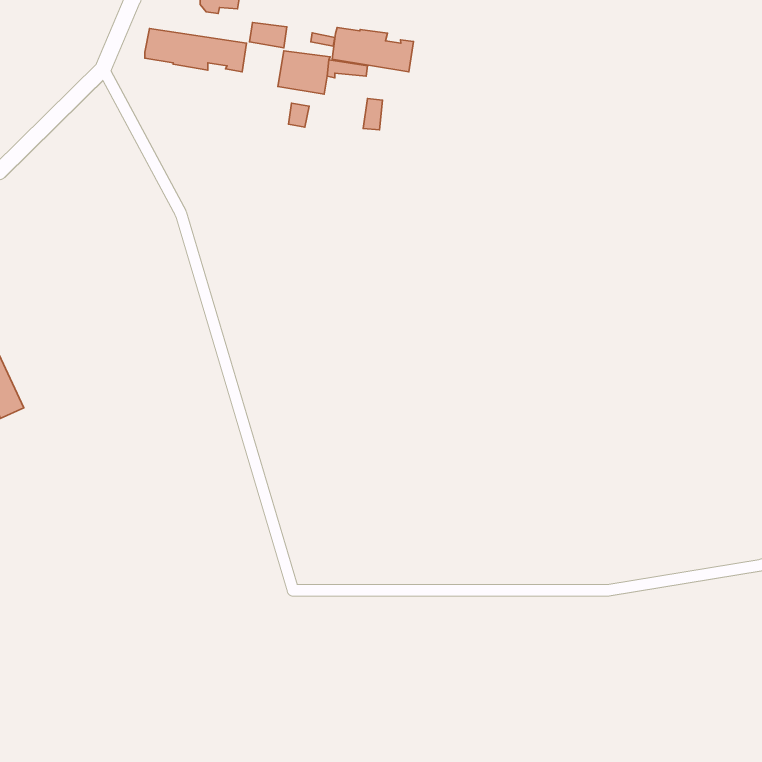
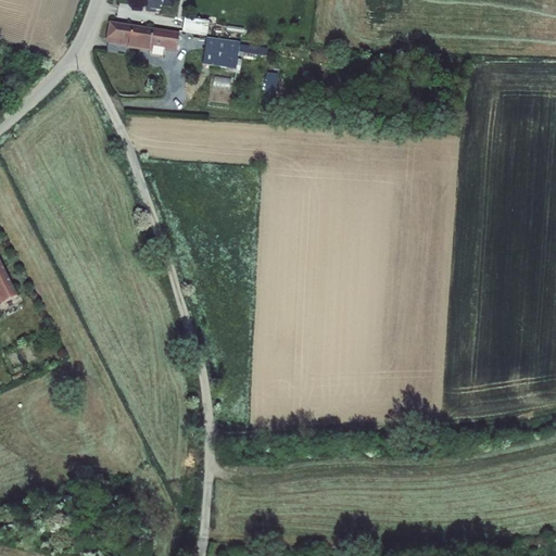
building: [332,27,414,72] -> none

